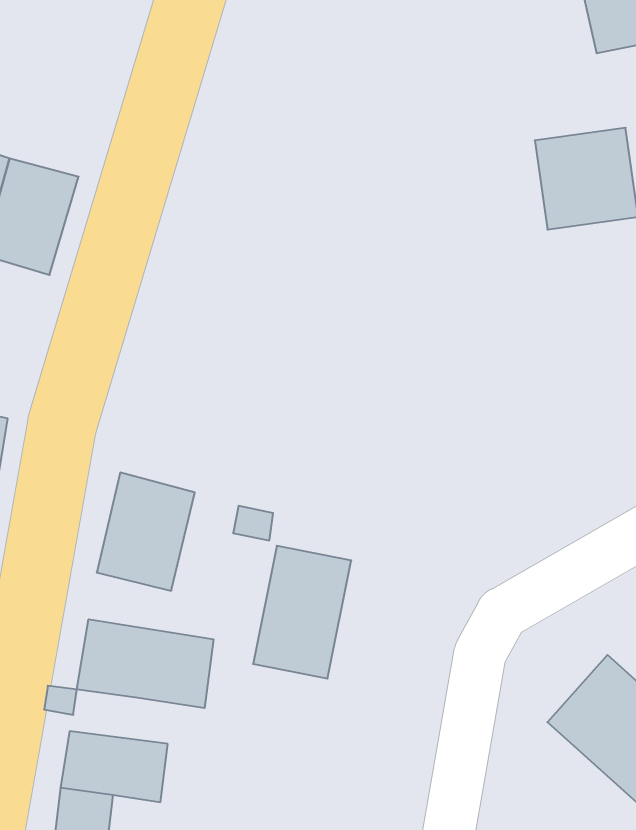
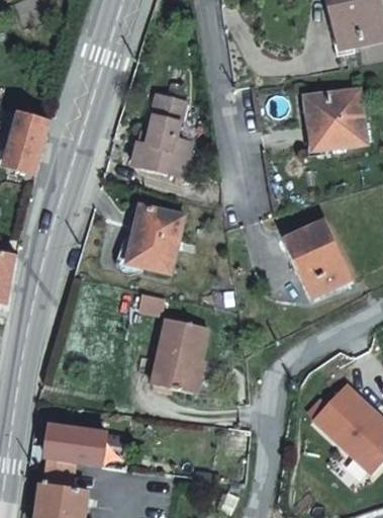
building: none -> [131,97,188,176]
building: none -> [286,222,350,293]
building: [97,473,195,591] -> [127,204,182,270]
building: [77,619,213,708] -> none

